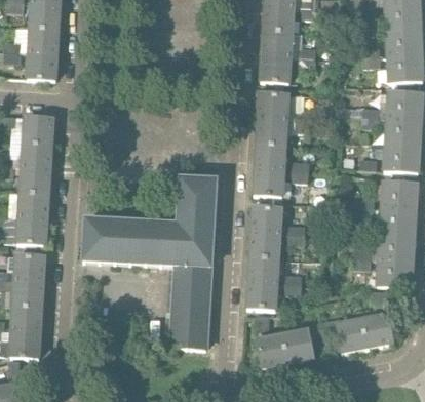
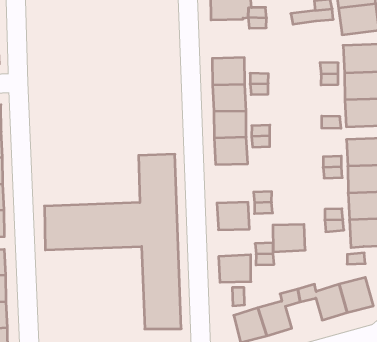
building: [261,55,293,82] -> none
building: [252,206,283,233] -> none
building: [248,256,280,283] -> [273,224,305,252]

